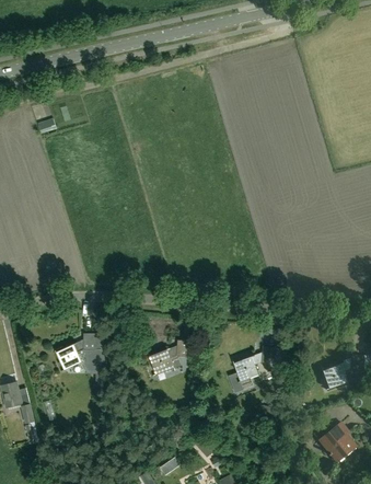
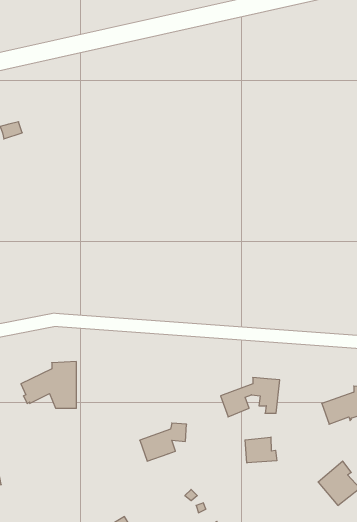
building: [149,341,190,374] -> [140,423,187,461]
building: none -> [245,437,277,463]

